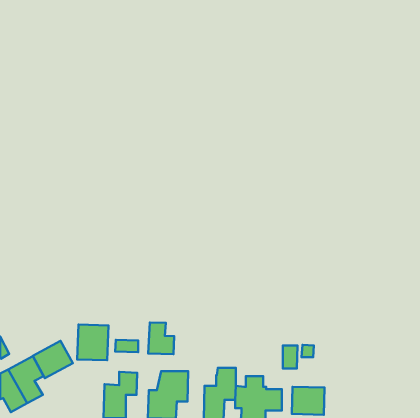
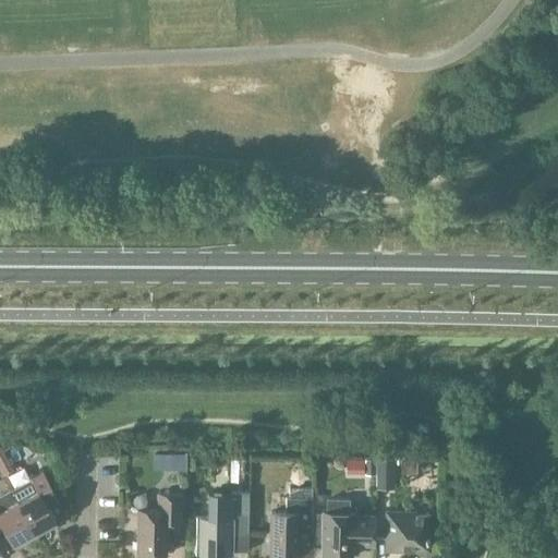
building: [148,323,174,354] -> none
building: [77,325,108,360] -> none
building: [33,341,73,378] -> none

